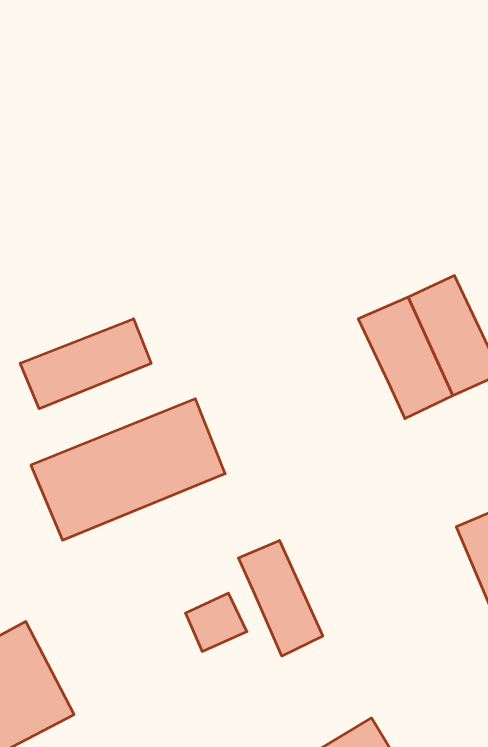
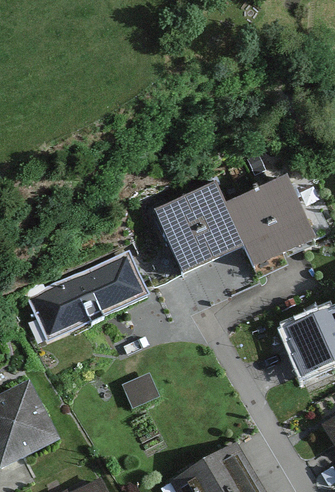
building: none -> [156,184,244,270]
building: [20,319,151,409] -> none
building: [238,540,323,656] -> none

